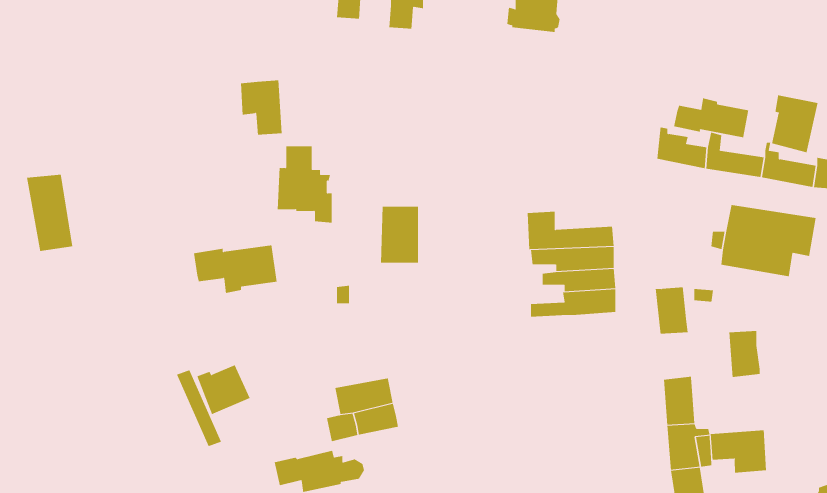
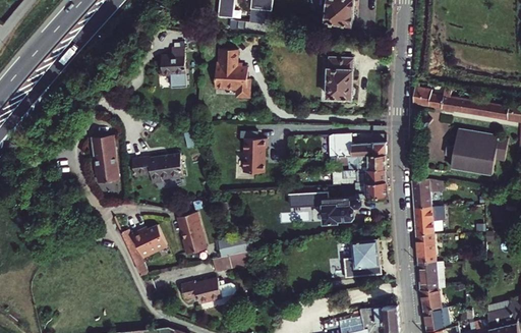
building: none -> [327,58,353,99]
building: [771,95,818,153] -> none
building: [674,97,749,138] -> none
building: [277,146,333,223] -> [215,48,248,95]
building: [26,174,73,252] -> [90,135,118,182]
building: none -> [303,197,361,222]
building: [728,330,760,378] -> [413,207,432,235]
building: none -> [178,213,206,255]
building: none -> [344,238,381,277]
building: [710,429,766,474] -> none

